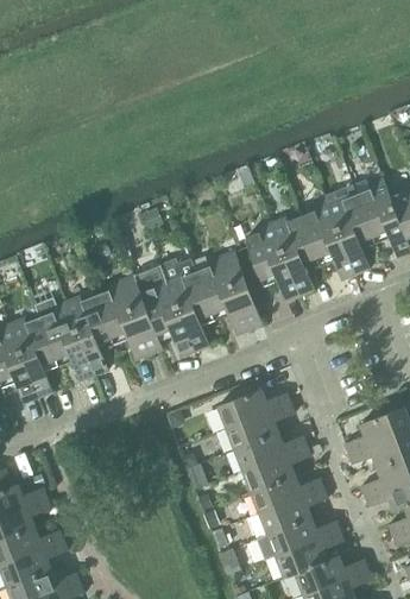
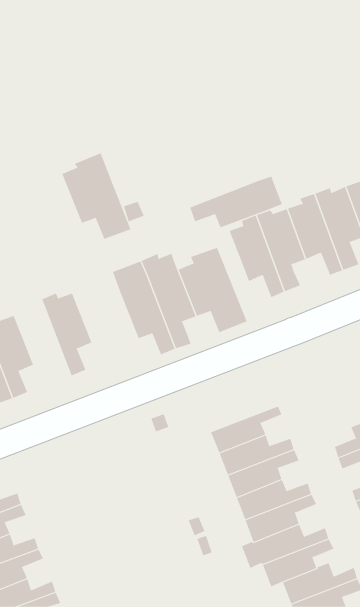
building: none -> [190,176,282,228]
building: [94,276,160,359] -> [62,153,131,240]
building: [33,297,93,380] -> none
building: [217,389,291,429] -> none

